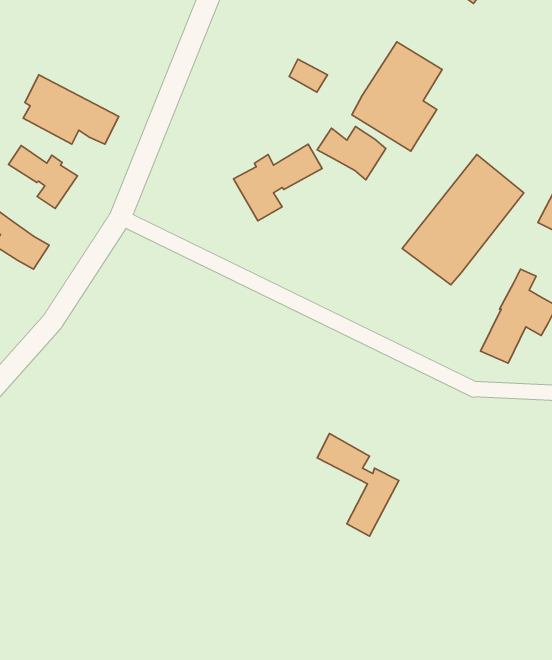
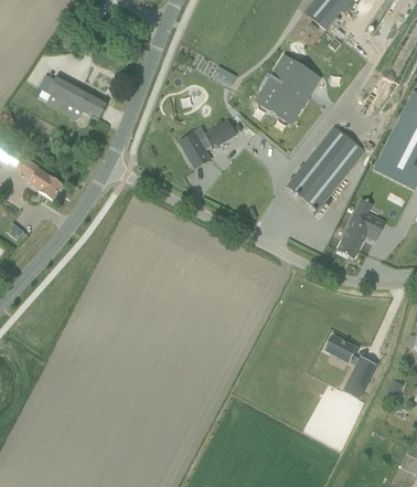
building: [317,126,386,180] -> none
building: [8,145,77,209] -> none
building: [317,433,399,536] -> [325,334,377,399]

